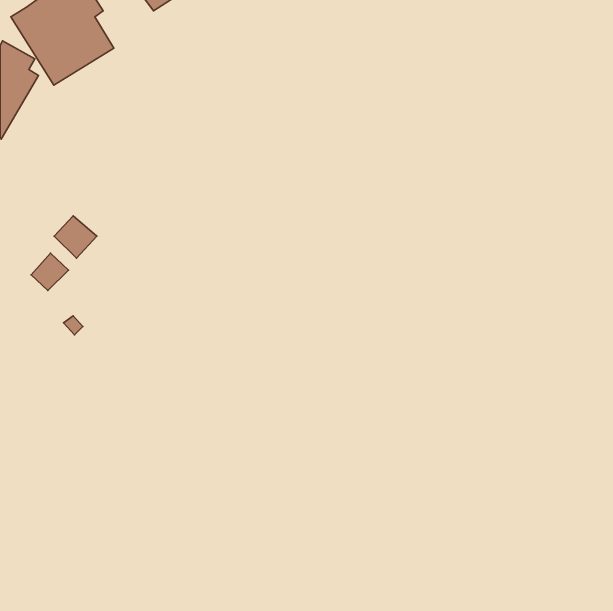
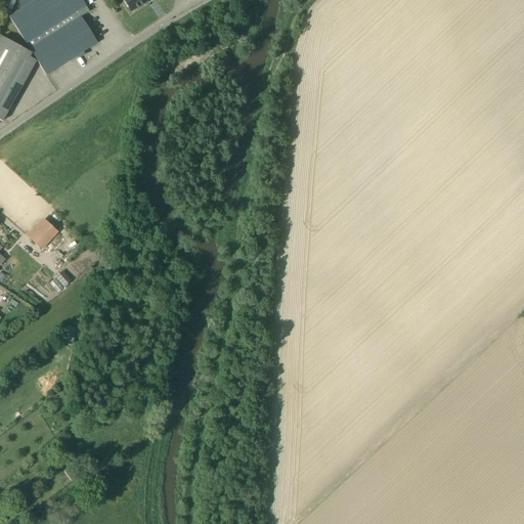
building: [54,216,97,258] -> none

